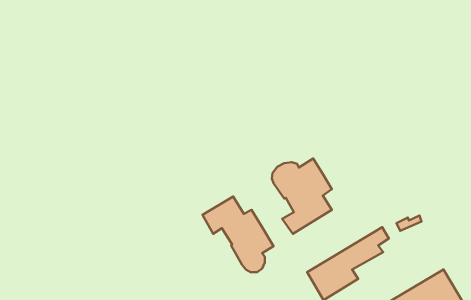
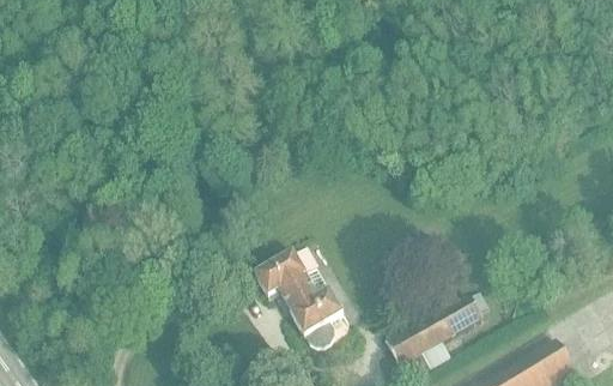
building: [272,158,332,234] -> none

